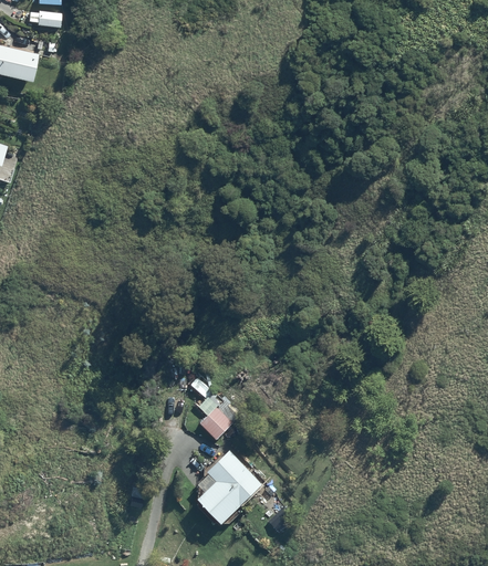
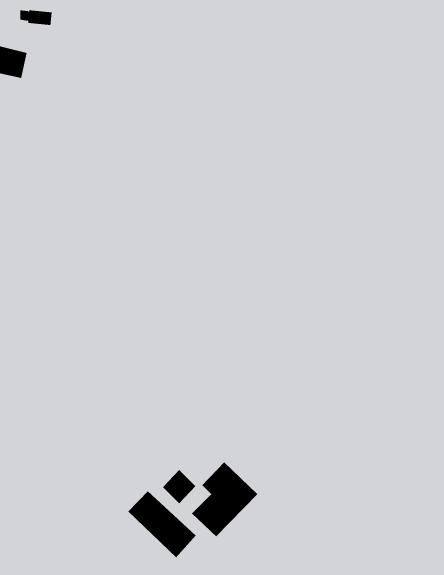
building: [200,408,233,442] -> [162,469,196,504]
building: none -> [128,491,197,558]

